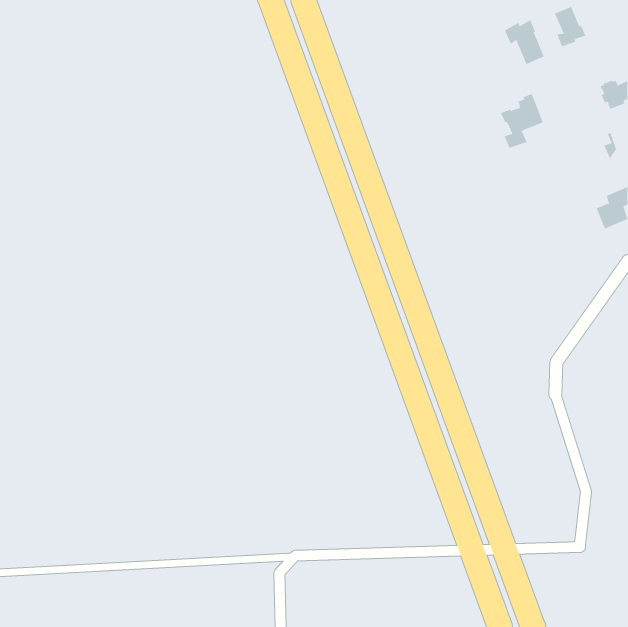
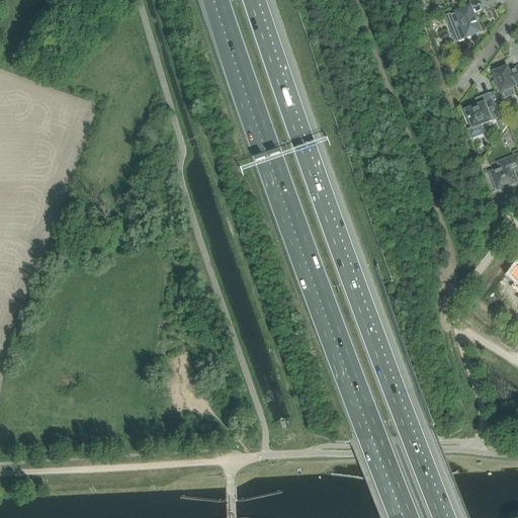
building: [504,19,544,65] -> none
building: [500,93,543,148] -> [462,92,498,138]

